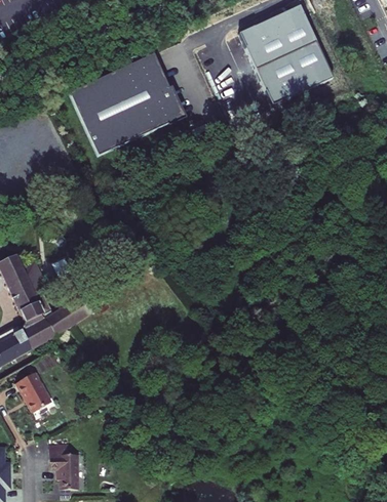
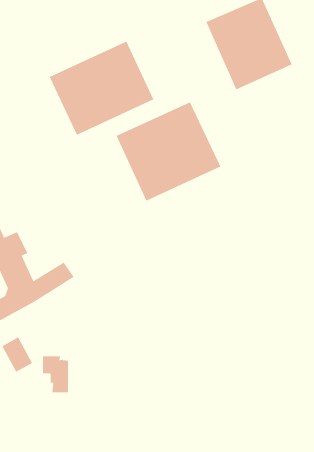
building: none -> [116,102,221,202]
building: [51,451,80,491] -> [42,356,69,393]

